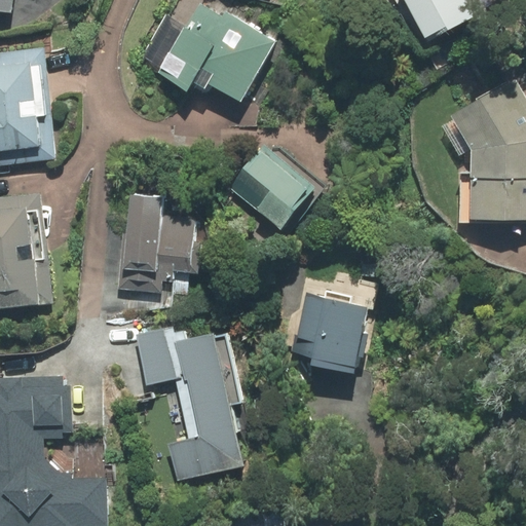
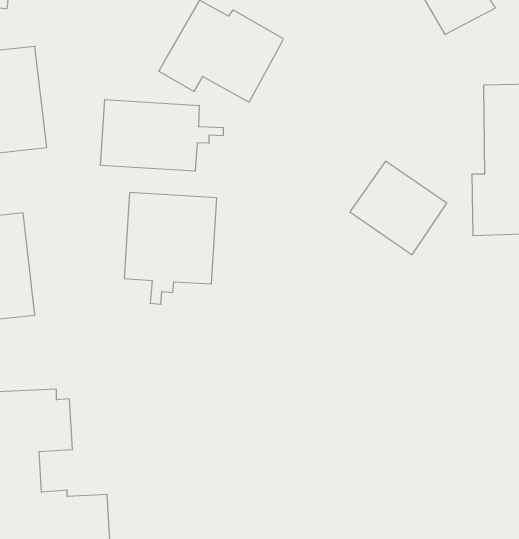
building: none -> [101,100,223,171]
building: [225,146,317,235] -> [350,161,447,255]
building: [293,292,371,371] -> none
building: [133,325,250,481] -> none

